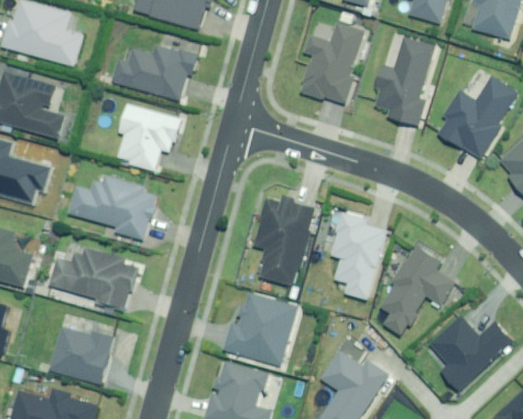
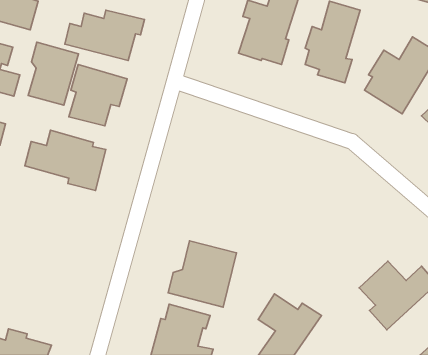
building: none -> [28,42,79,105]
building: [253,198,316,286] -> none
building: [331,214,389,299] -> none
building: [381,244,456,335] -> none
building: [48,248,138,309] -> none
building: [48,326,115,385] -> none

